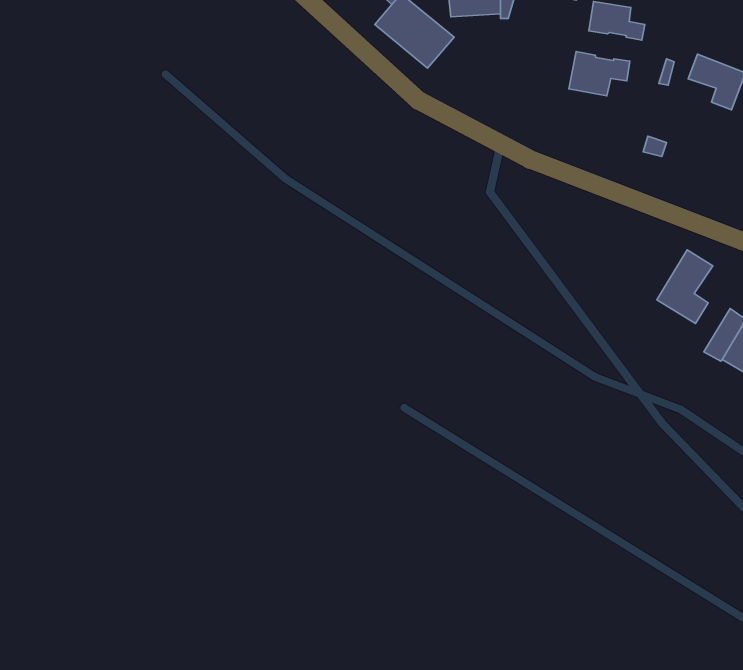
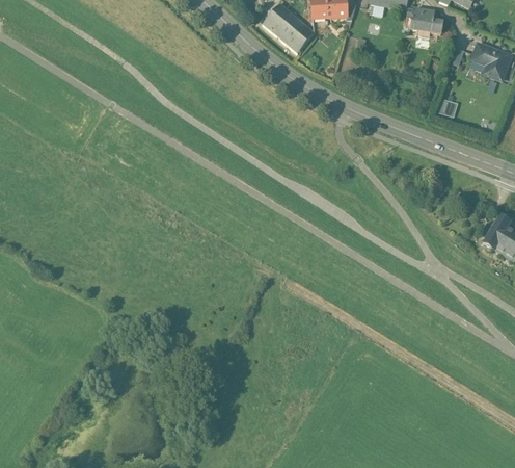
building: [569,52,630,96] -> none
building: [657,250,713,324] -> none

